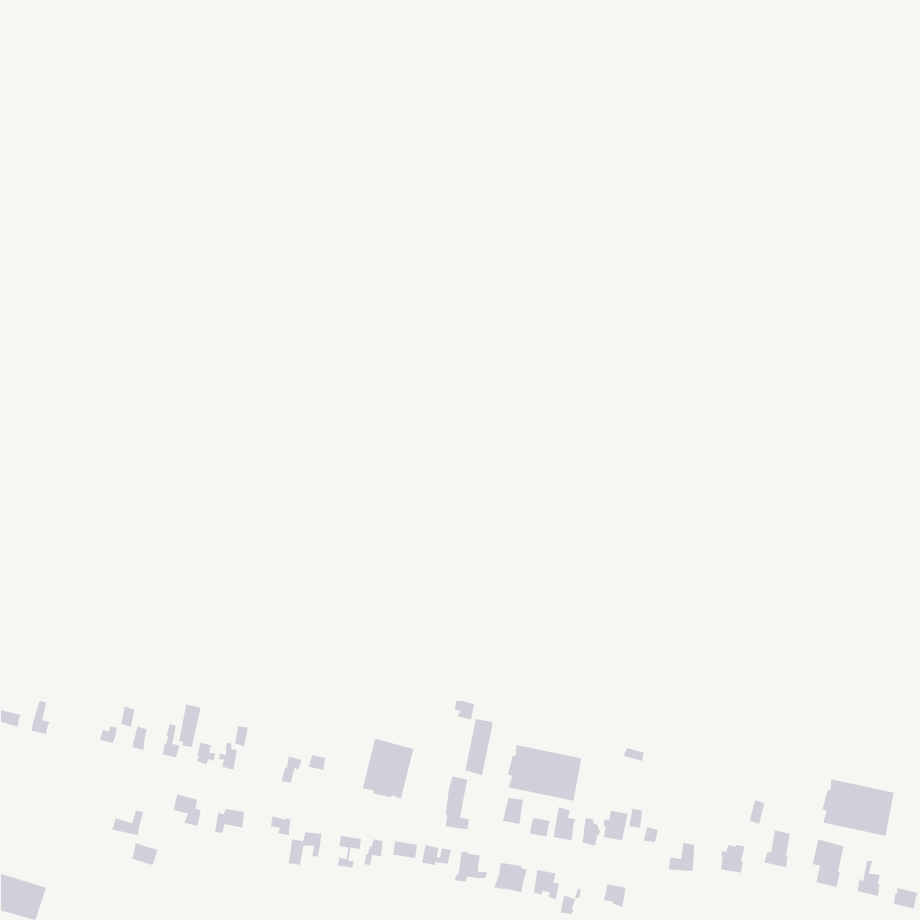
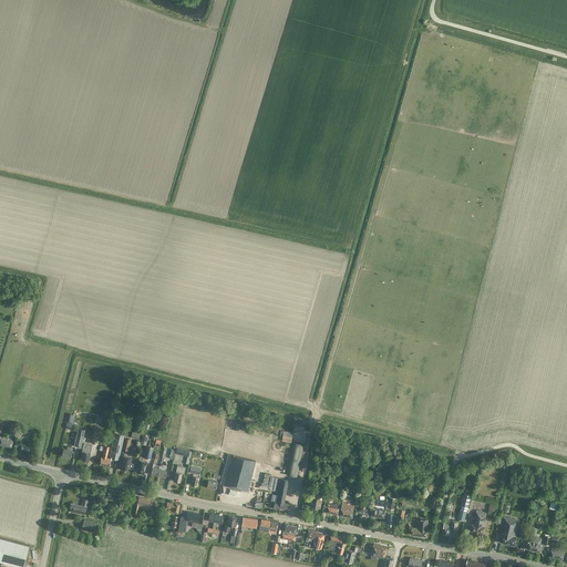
building: [507,744,582,802] -> none
building: [822,779,894,837] -> none

